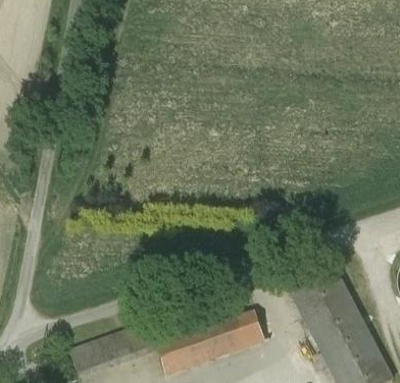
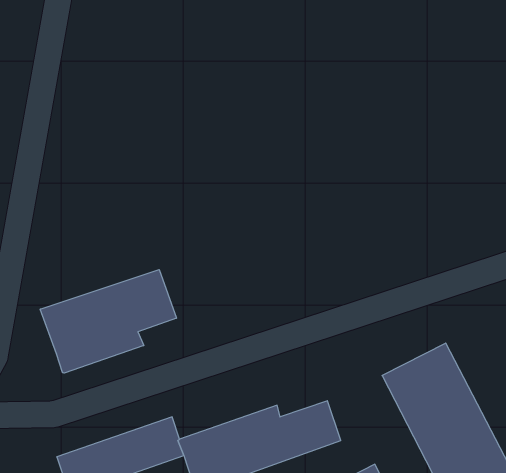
building: none -> [40,270,176,373]

